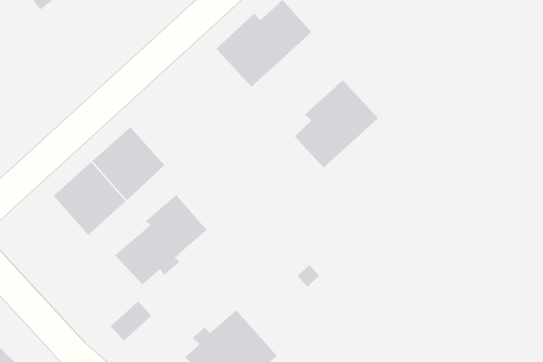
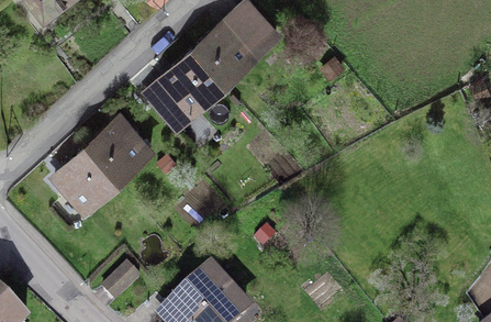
building: [294,80,379,168] -> [152,47,224,123]
building: [114,194,207,285] -> none

